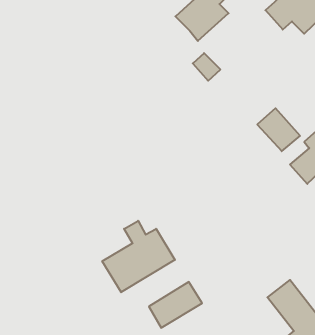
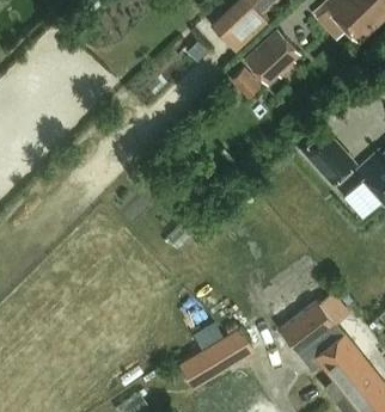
building: none -> [245,31,300,84]
building: [102,221,175,292] -> none
building: none -> [279,291,349,353]

